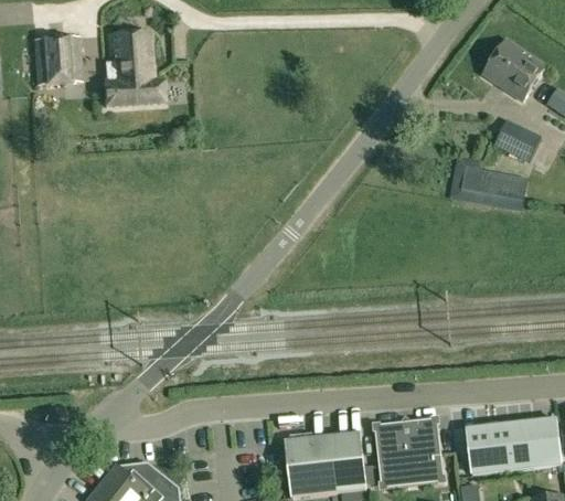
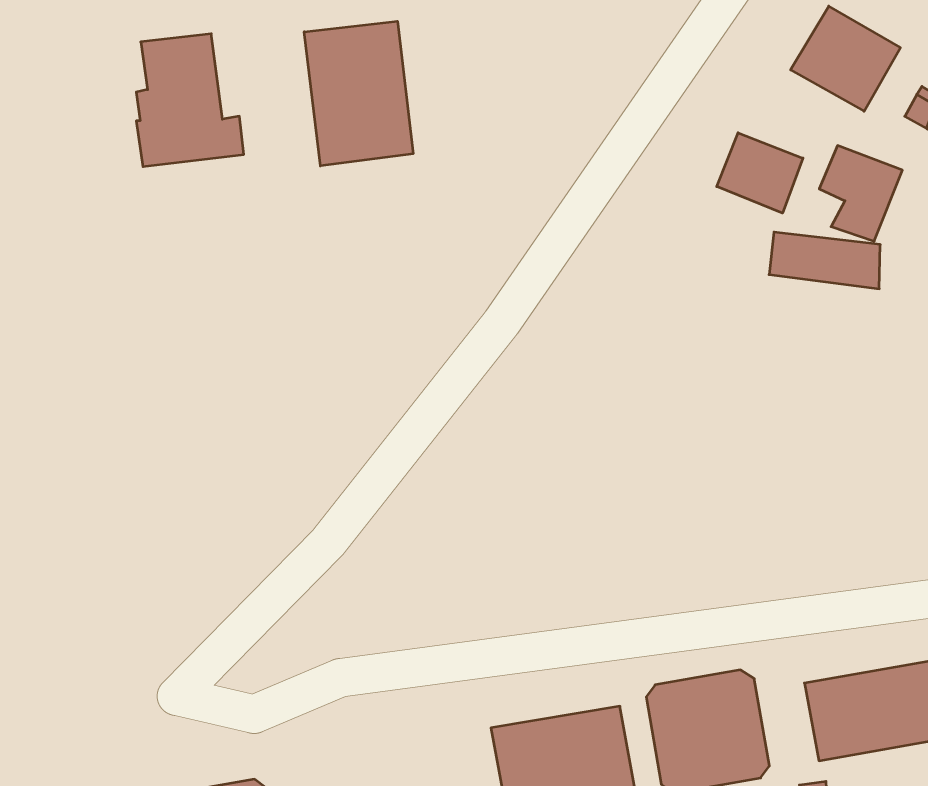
building: none -> [304,21,413,166]
building: [33,36,81,85] -> none
building: none -> [717,133,803,213]

